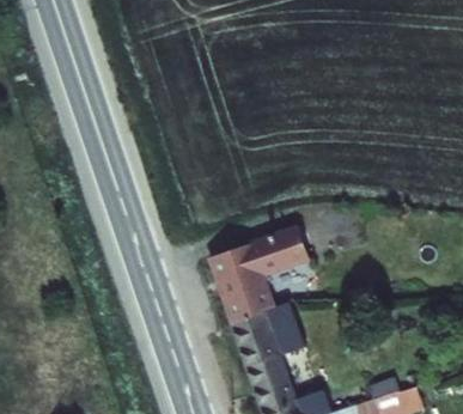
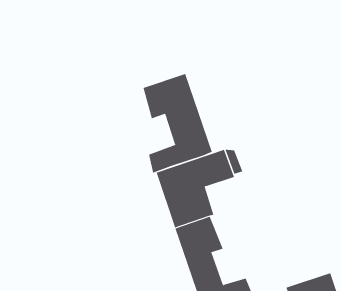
building: none -> [143,73,212,174]

